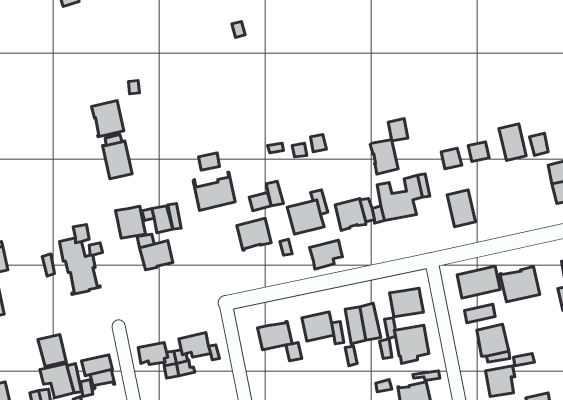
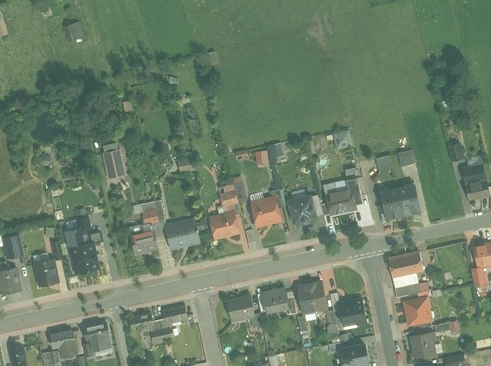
building: [91,100,124,137] -> none
building: [499,124,526,161] -> [397,185,419,215]
building: [370,139,398,174] -> none
building: [193,172,235,210] -> [164,217,198,248]
building: [116,206,145,238] -> none
building: [309,240,342,269] -> none
building: [500,267,540,302] -> none
building: [390,288,423,317] -> none
building: [38,335,66,367] -> [34,259,57,285]

